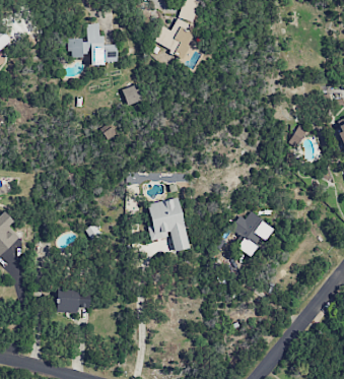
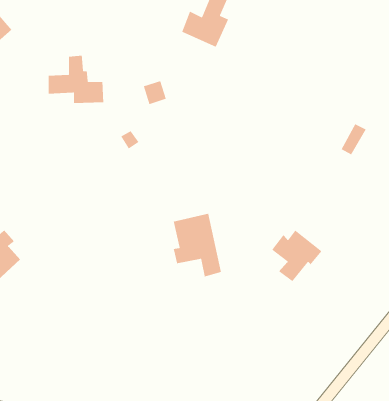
building: [70,22,118,64] -> [48,55,104,104]
building: [57,289,90,313] -> none

